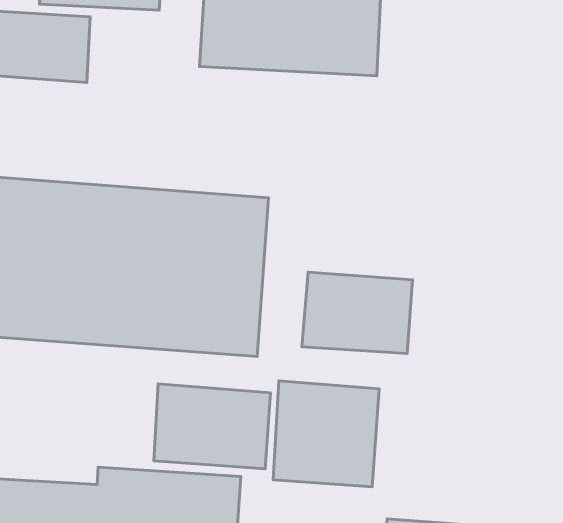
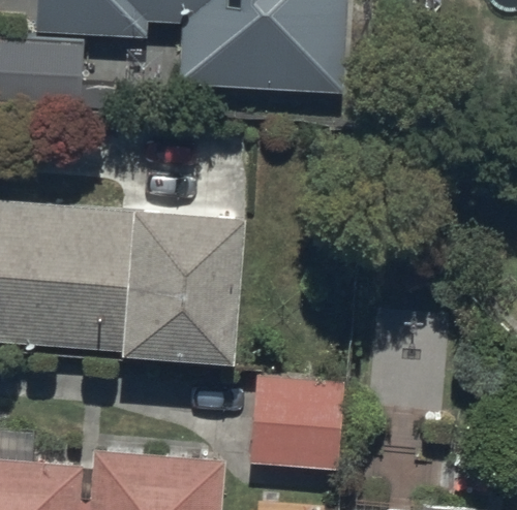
building: [302,272,412,354] -> none
building: [154,384,270,469] -> none

